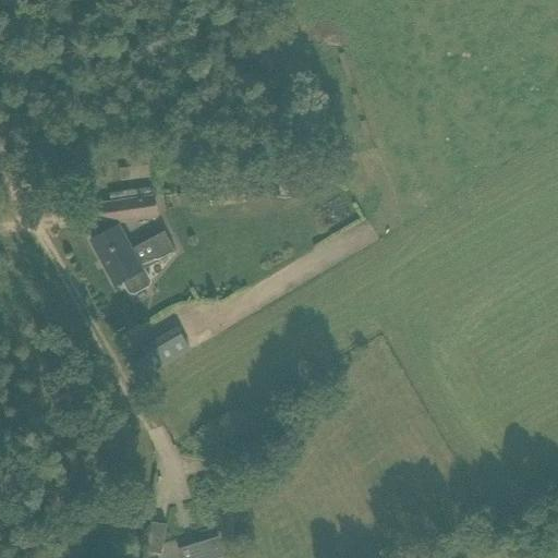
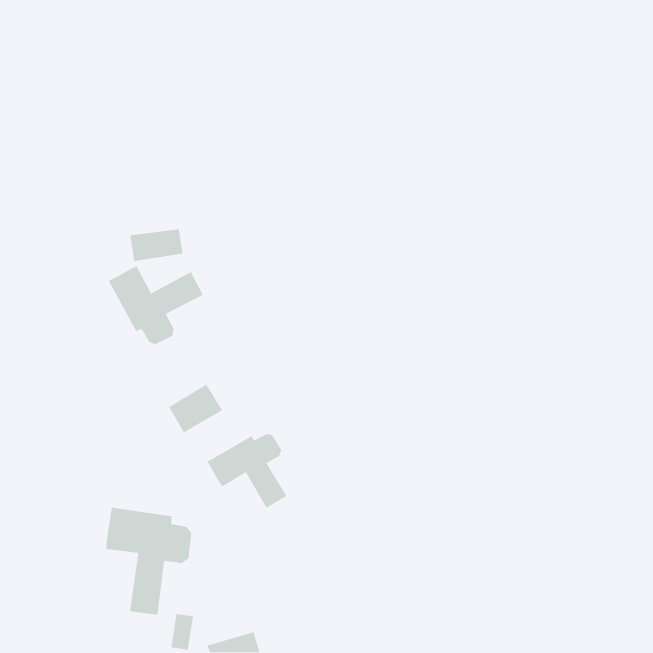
building: none -> [206,433,287,509]
building: none -> [105,507,192,615]

